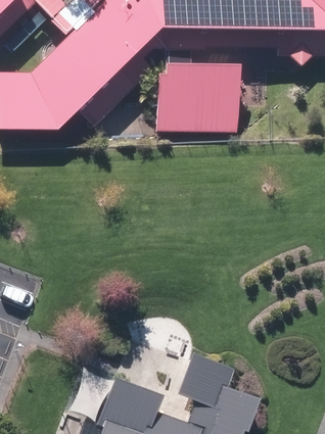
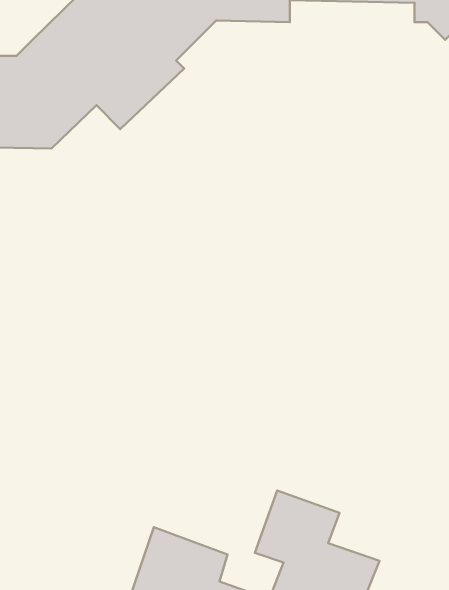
building: [154,68,232,130] -> none

